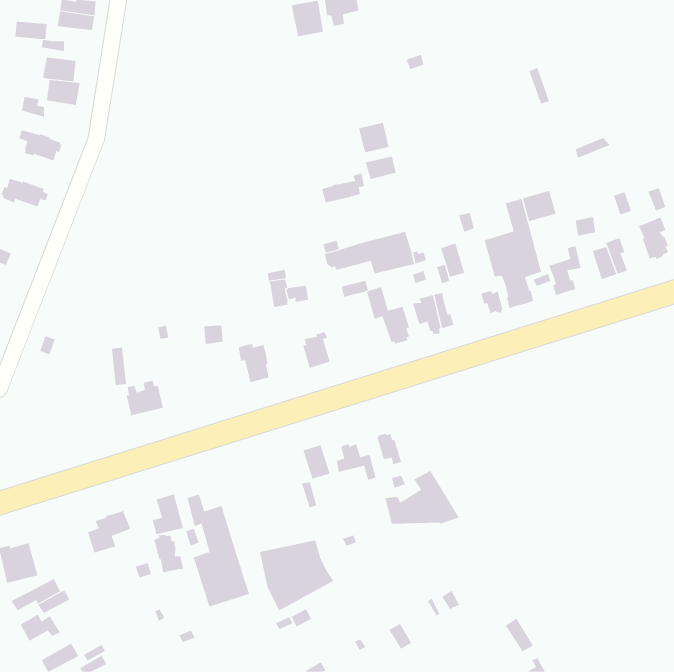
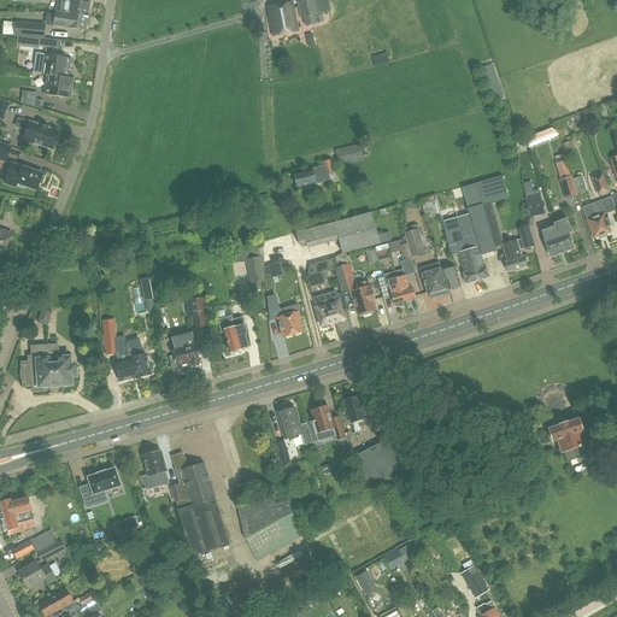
building: [359,122,389,153] -> none
building: none -> [418,262,447,296]
building: none -> [311,289,342,327]
building: none -> [170,331,199,365]
building: none -> [19,343,75,386]
building: none -> [547,417,584,459]
building: [153,534,184,573] -> none

